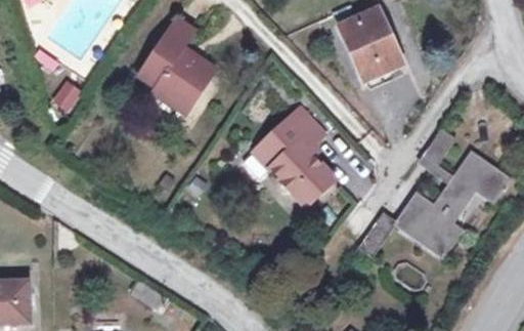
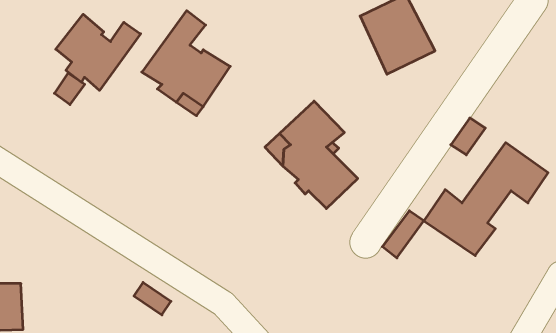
building: none -> [56,14,141,90]

